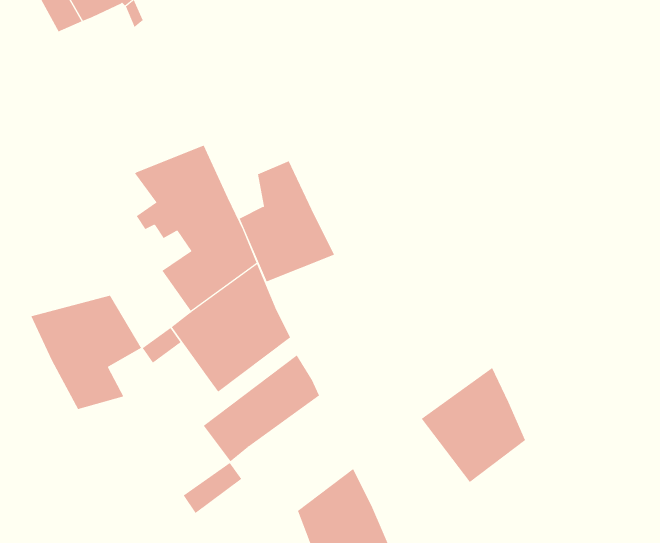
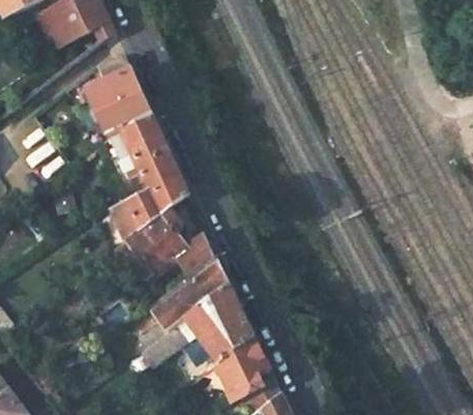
building: [239,161,335,282] -> [86,52,151,135]
building: [31,295,142,410] -> none
building: [421,367,526,483] -> [181,287,253,365]

